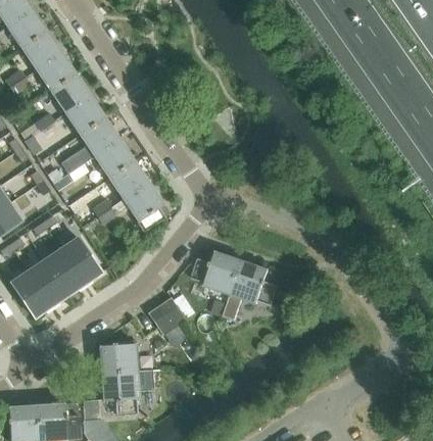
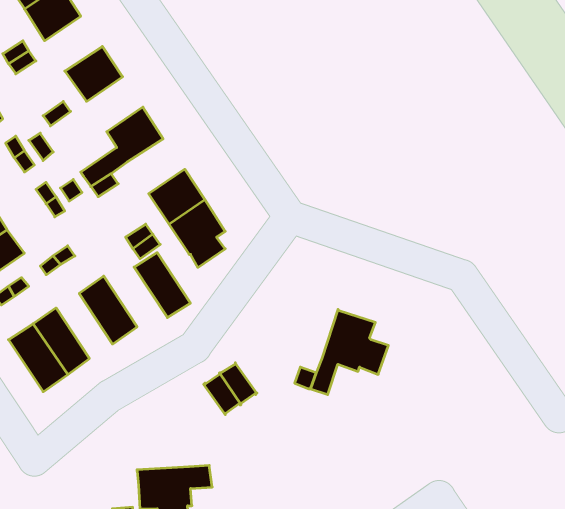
building: [36,52,77,91] -> none
building: [65,95,105,134] -> none
building: [94,139,135,178] -> none
building: [44,248,84,294] -> [134,253,190,318]
building: [192,250,243,294] -> none
building: [99,342,138,373] -> none

